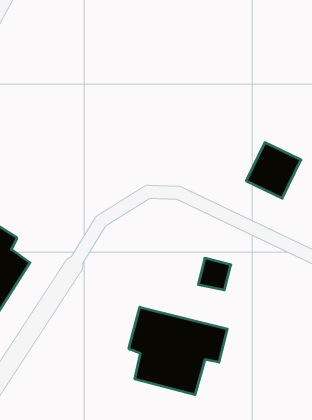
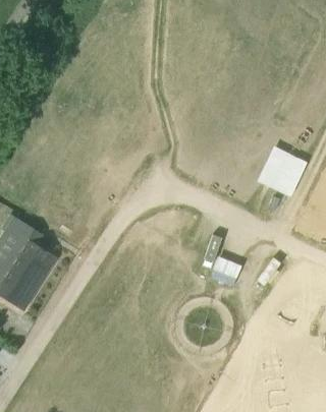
building: [129,307,227,395] -> none

